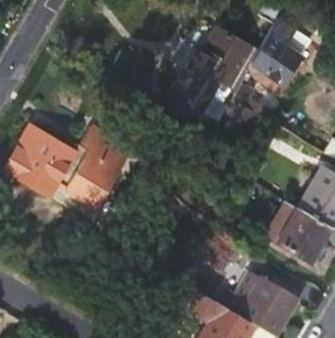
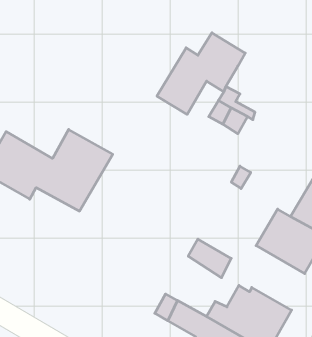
building: [249,20,309,83] -> none

